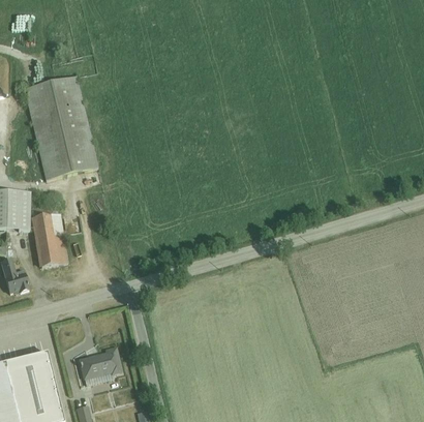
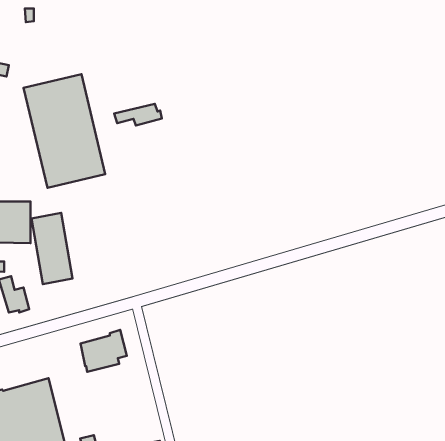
building: none -> [114,104,162,126]
building: [80,346,122,385] -> [80,330,127,372]

